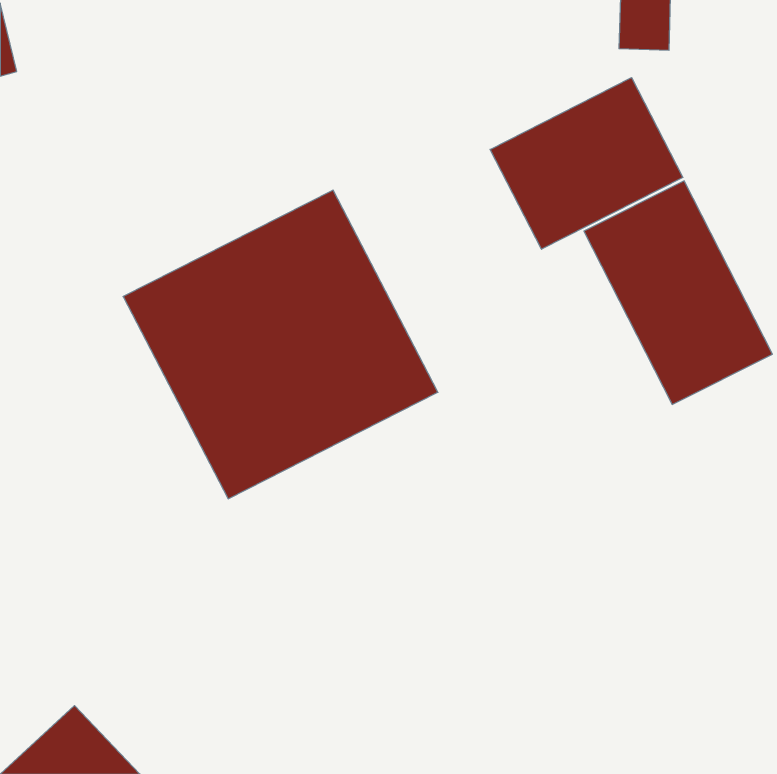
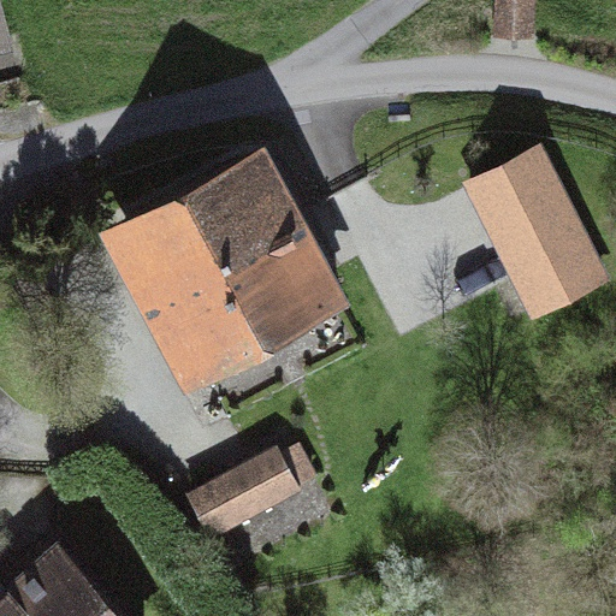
building: [490,78,683,249] -> none
building: none -> [186,442,318,541]

